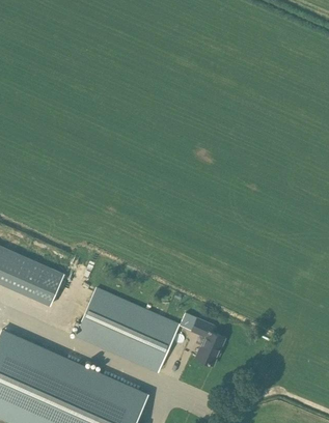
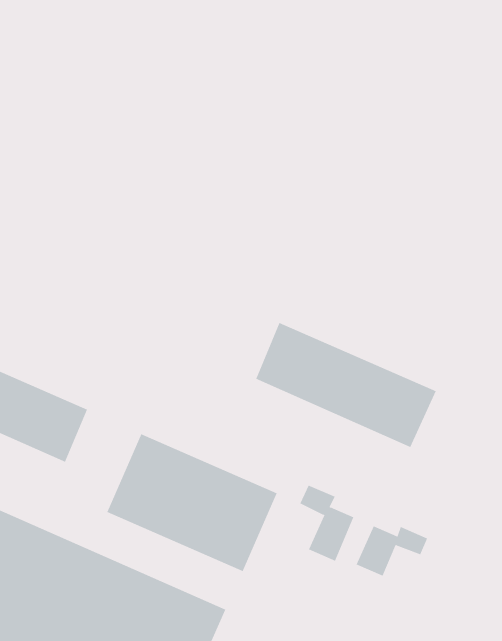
building: none -> [255,322,436,448]
building: none -> [356,525,428,577]

